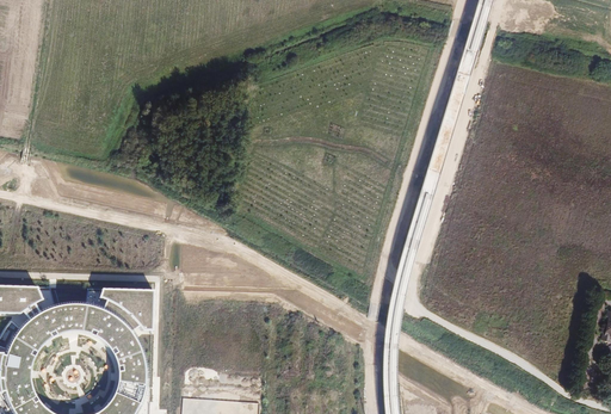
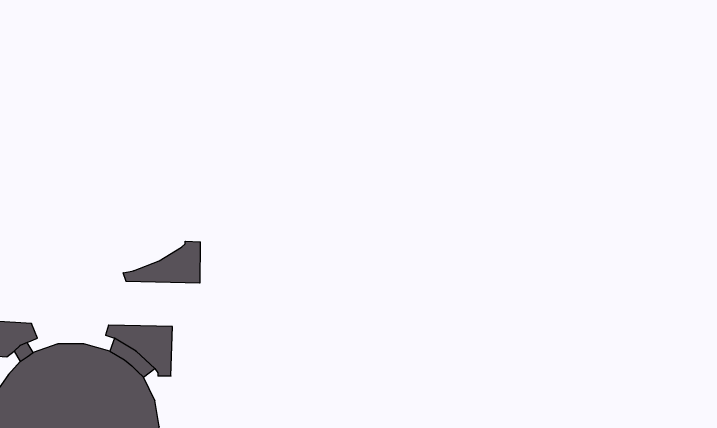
building: none -> [123,241,200,283]

